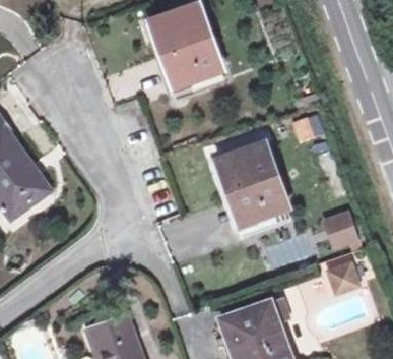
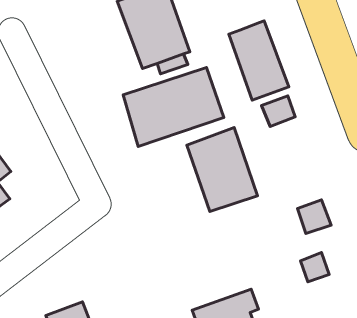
building: none -> [229,21,289,100]
building: none -> [123,67,224,146]

